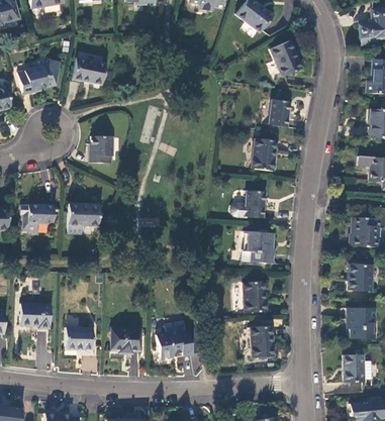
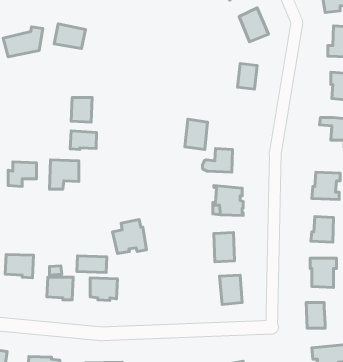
building: [252,137,276,170] -> [185,119,208,150]
building: none -> [70,131,96,149]
building: none -> [77,256,107,272]
building: [156,321,192,357] -> [113,219,147,253]

